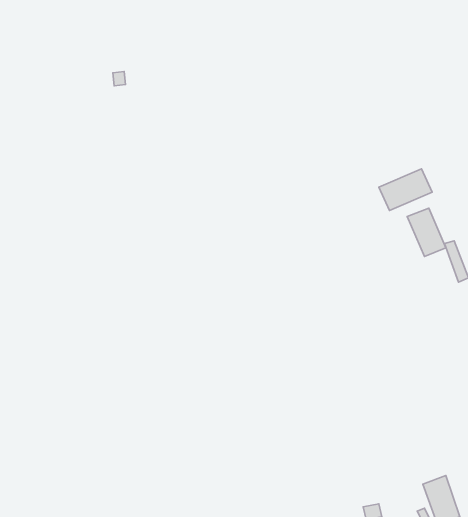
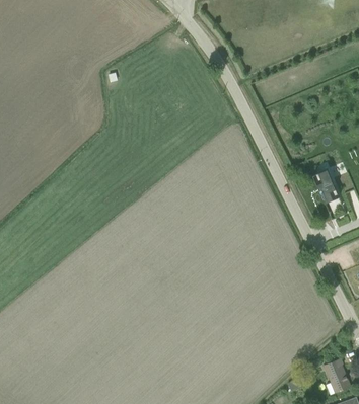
building: [379,169,432,211] -> none

